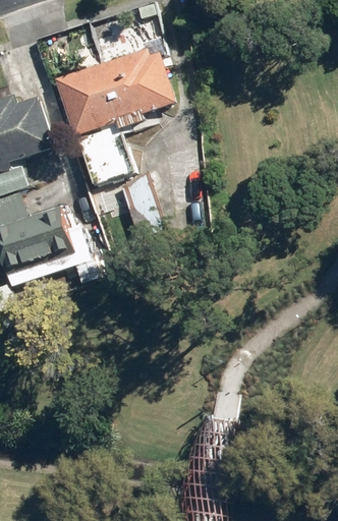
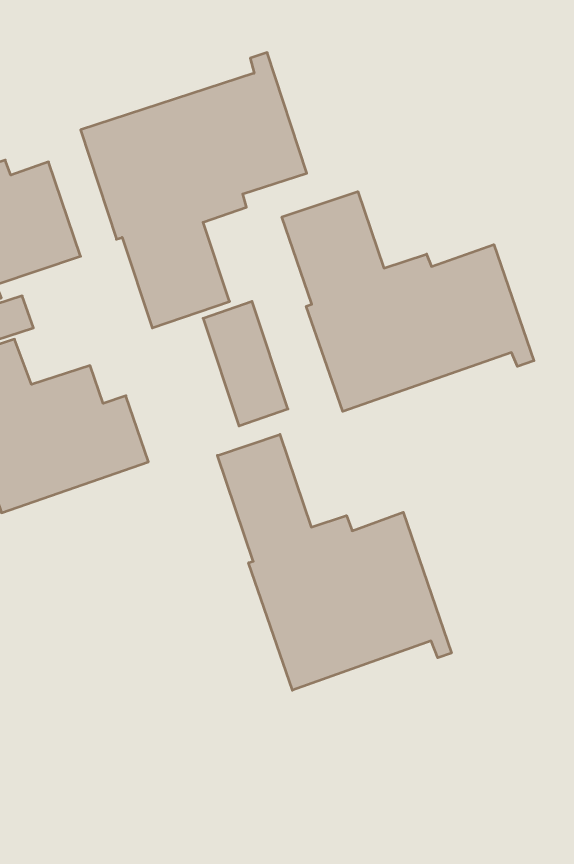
building: none -> [282,192,534,411]
building: none -> [217,434,451,690]

